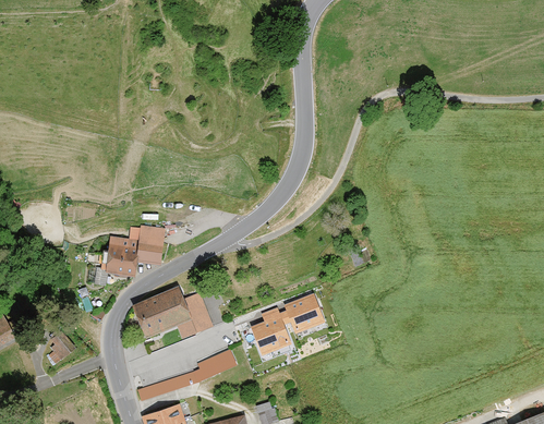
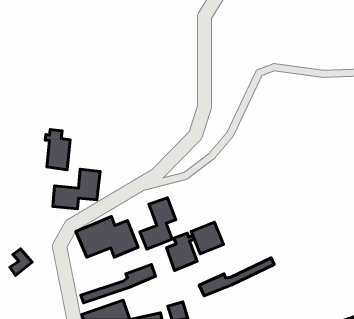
building: none -> [45,130,70,170]
building: none -> [140,198,176,249]
building: none -> [199,258,274,296]

